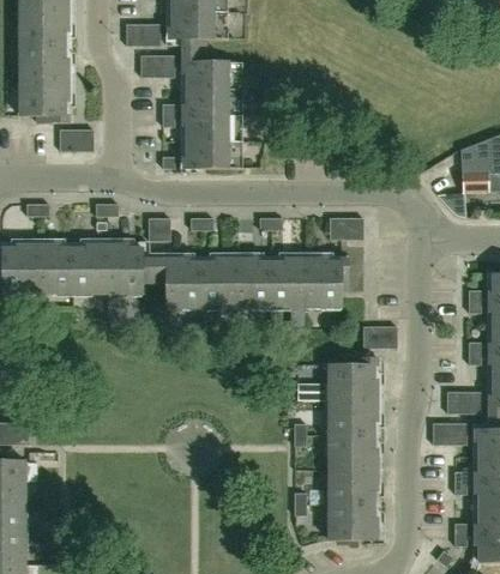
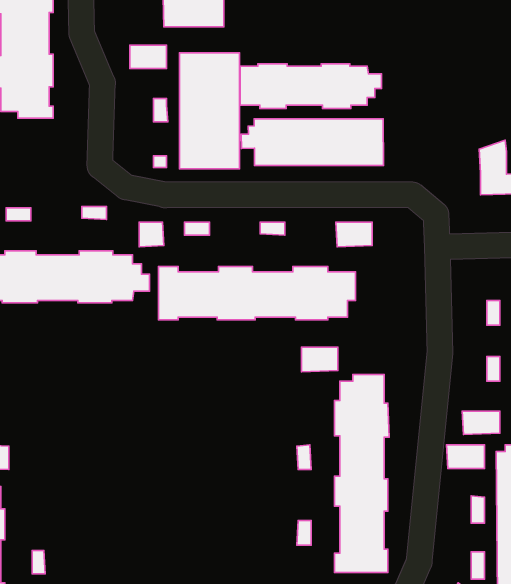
building: [125,23,158,44] -> none
building: none -> [240,64,381,109]
building: none -> [241,119,384,166]
building: [59,128,92,150] -> none
building: [365,324,398,346] -> [301,347,338,372]

